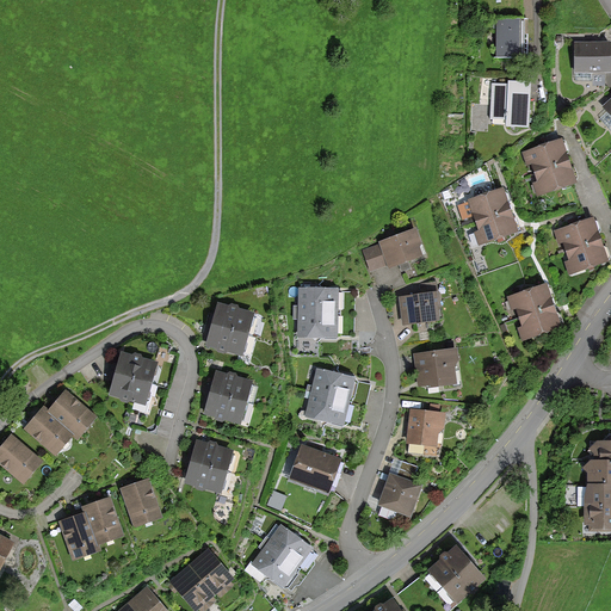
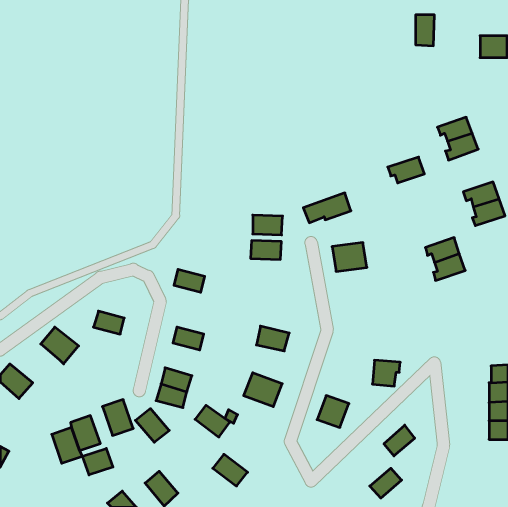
building: [493,81,529,123] -> none
building: [476,209,517,241] -> none
building: [214,304,251,332] -> none
building: [301,310,337,334] -> [253,215,283,235]
building: [416,350,455,383] -> none
building: [118,354,155,382] -> none
building: [313,370,352,400] -> none
building: [212,374,249,401] -> none
building: [27,408,72,451] -> none
building: [409,412,443,443] -> [372,360,400,386]
building: [269,529,310,567] -> [195,405,230,437]
building: none -> [83,448,113,475]
building: [432,547,469,584] -> [384,425,415,456]
building: [191,551,232,592] -> [135,409,169,442]

